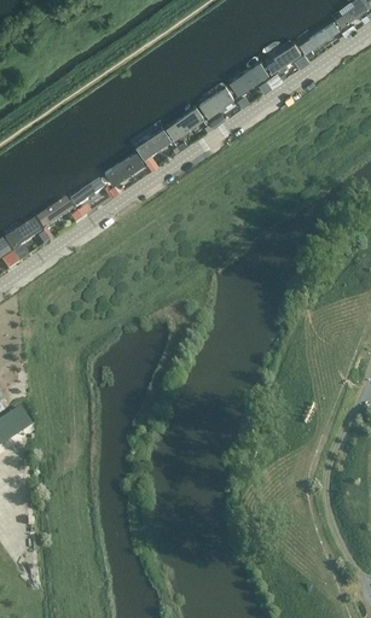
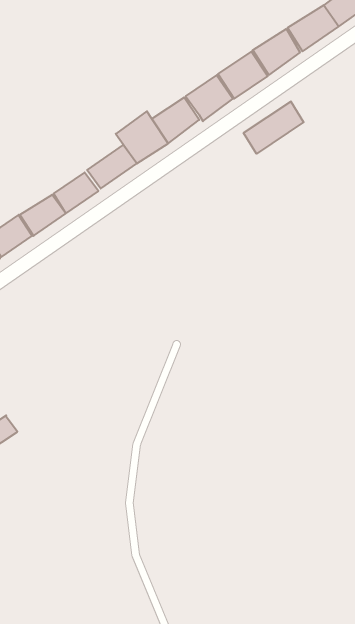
building: none -> [244,101,304,154]

